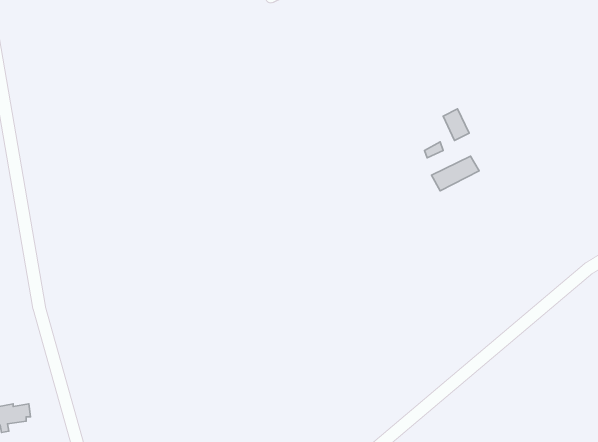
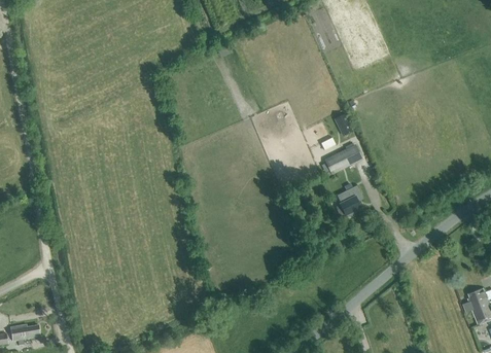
building: none -> [337,184,360,215]

